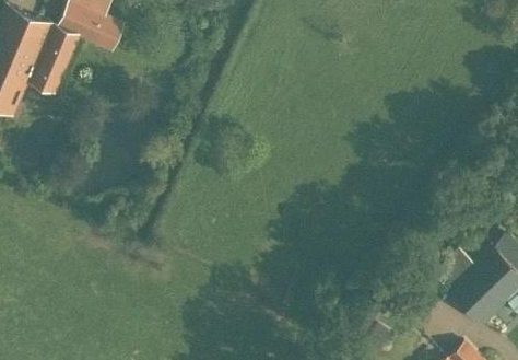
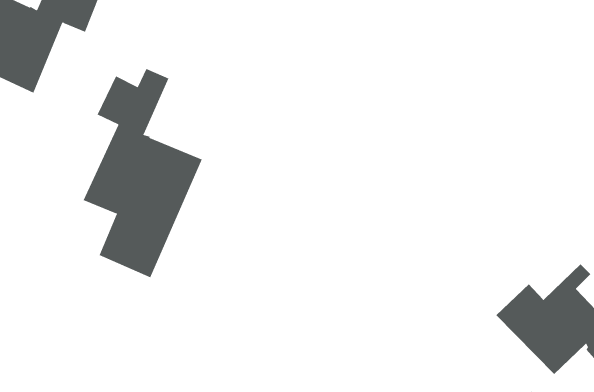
building: none -> [83,68,203,278]

